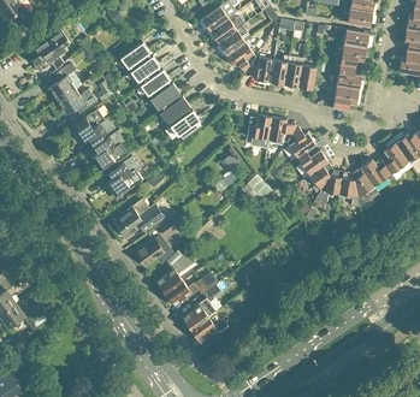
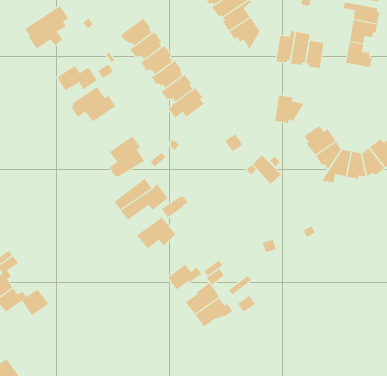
building: [244,55,273,84] -> none
building: [49,64,82,100] -> none
building: [325,85,361,111] -> none
building: [247,114,272,148] -> none
building: [286,125,317,159] -> none
building: [94,130,129,172] -> none
building: [156,251,195,294] -> none

